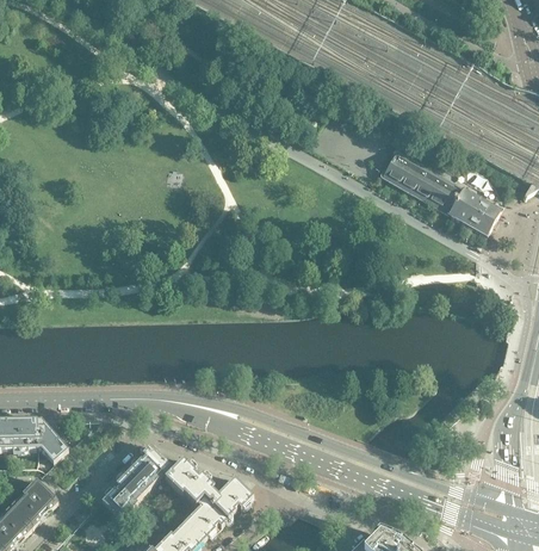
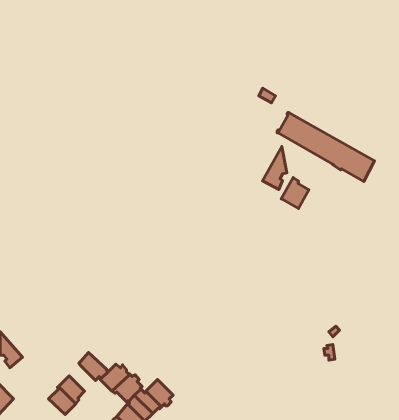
building: none -> [262,146,287,189]
building: none -> [281,178,309,208]
building: [124,460,156,493] -> none

